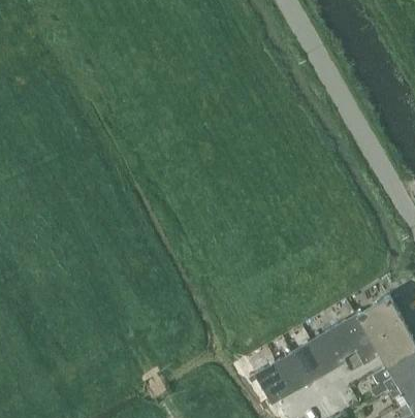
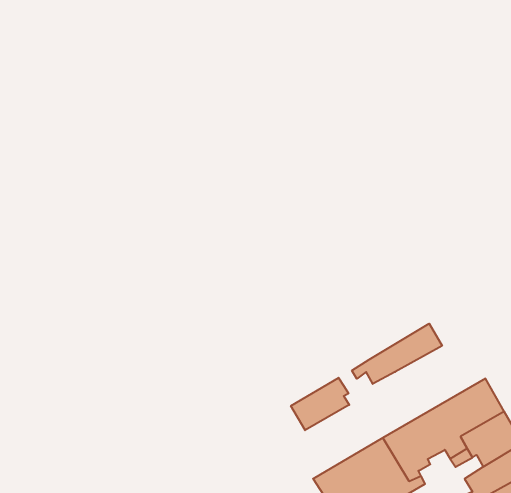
building: none -> [352,324,442,384]
building: none -> [291,378,349,430]

